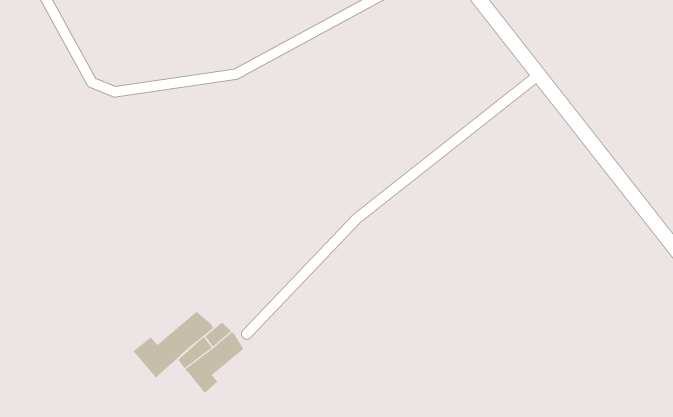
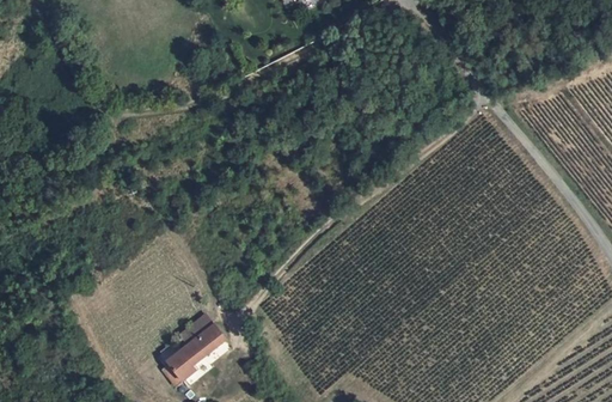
building: [132,311,214,379] -> none

